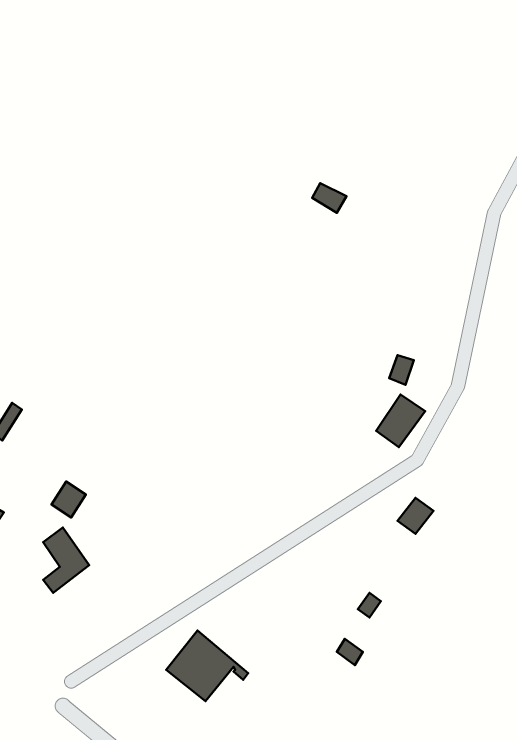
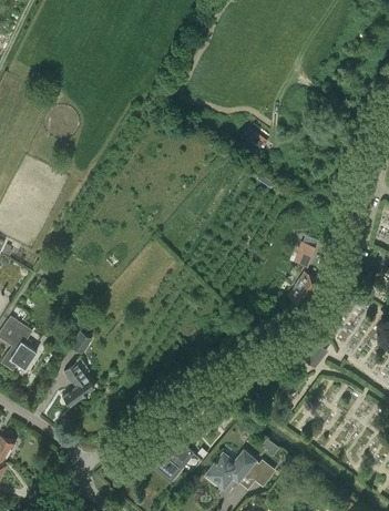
building: none -> [205,452,275,491]

